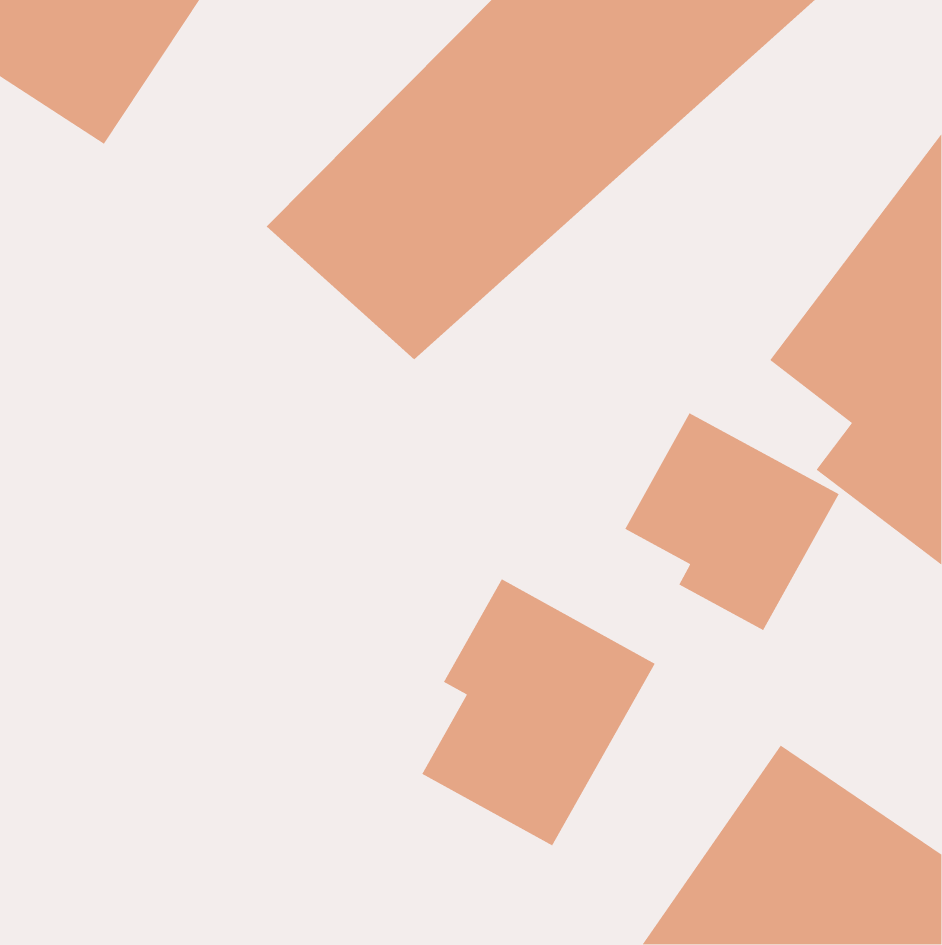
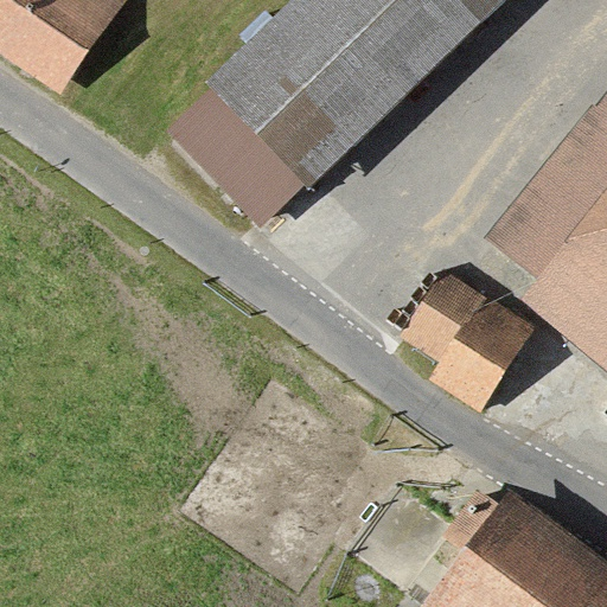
building: [421,578,656,847] -> none

